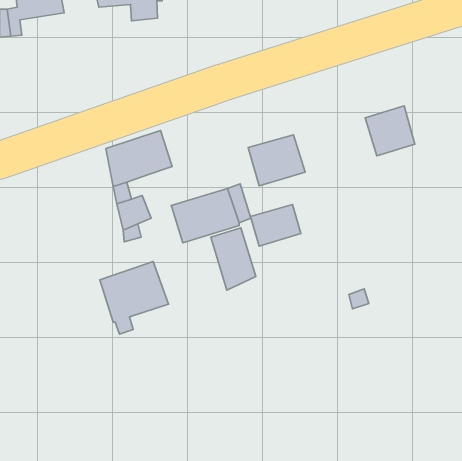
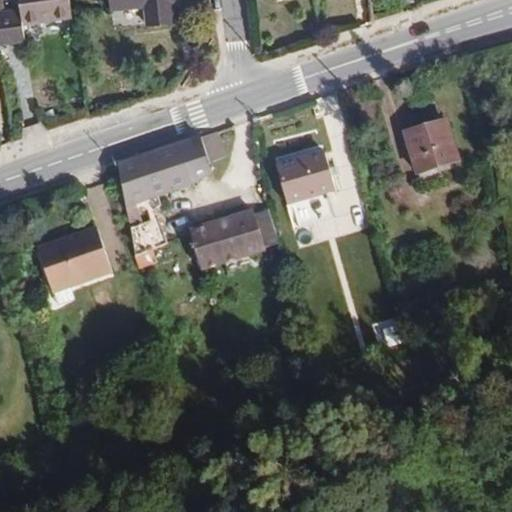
building: none -> [177,131,224,184]
building: [250,204,301,246] -> none
building: [211,228,256,290] -> none
building: [100,262,169,334] -> [35,226,111,306]

